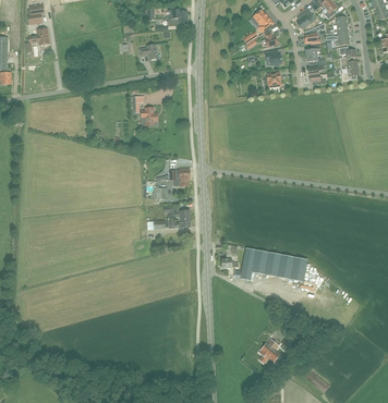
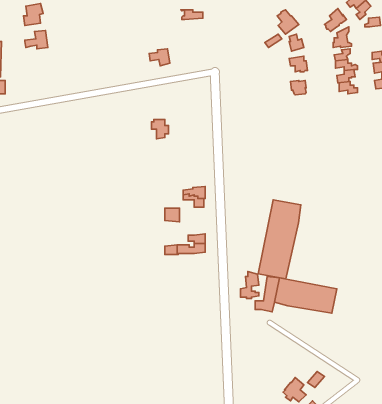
building: none -> [258,200,301,279]

